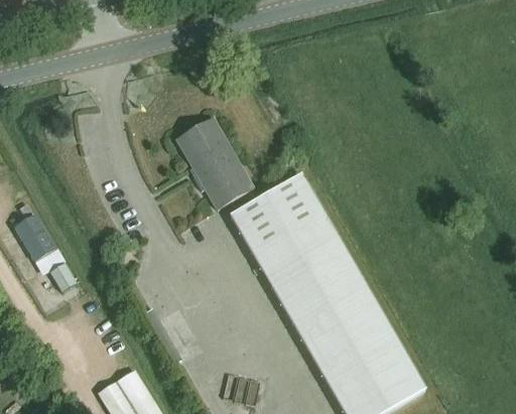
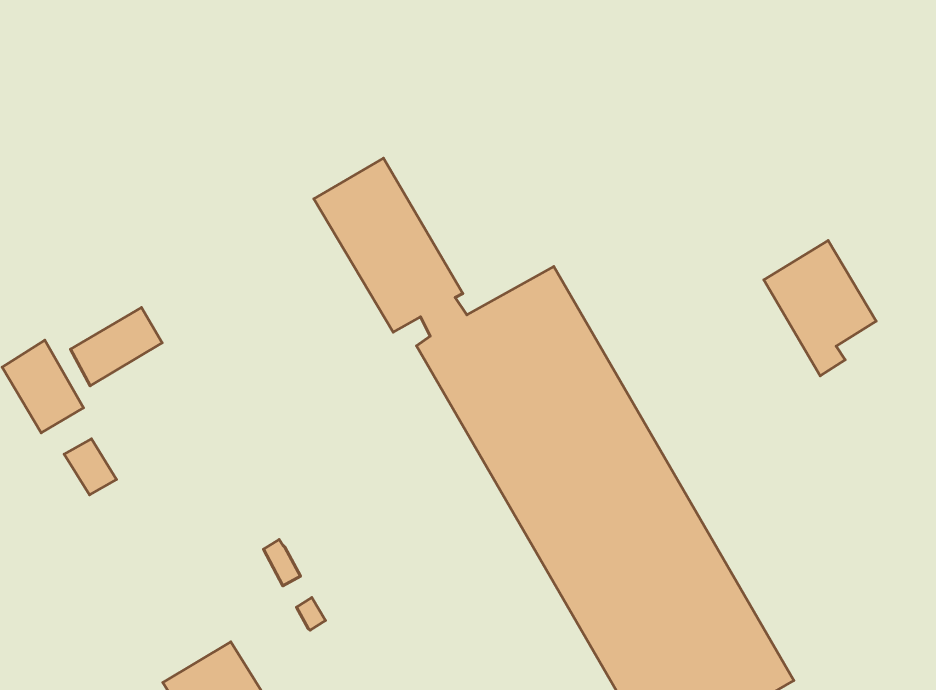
building: none -> [764,241,876,376]
building: none -> [70,307,162,386]

